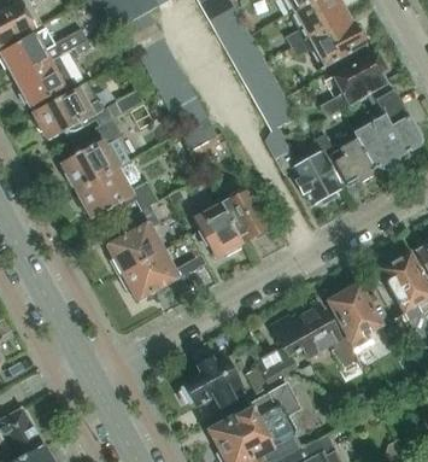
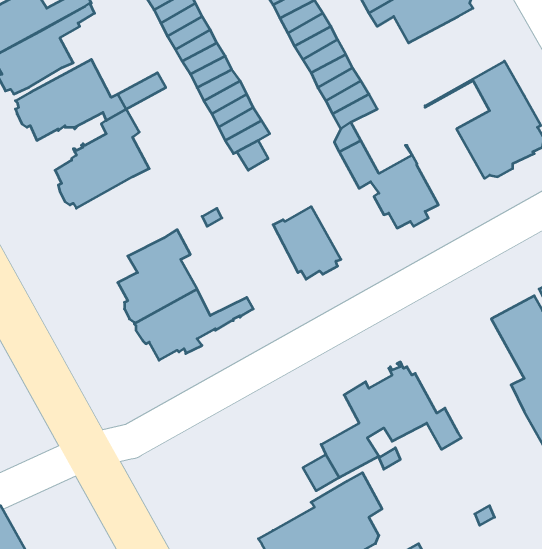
building: [323,53,389,115] -> none
building: [318,131,375,183] -> none
building: [77,163,158,218] -> none
building: [192,201,242,258] -> none
building: [326,282,404,353] -> none
building: [181,357,244,409] -> none

